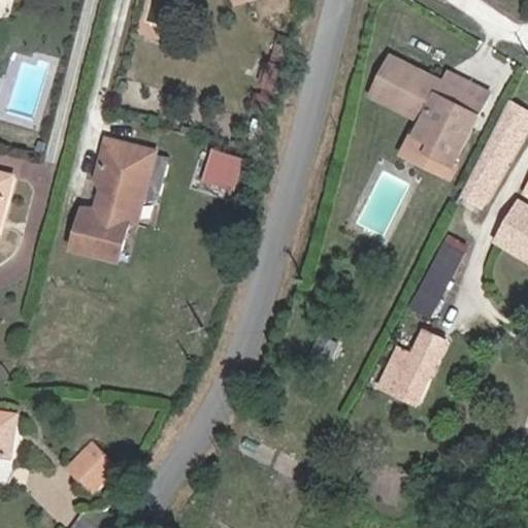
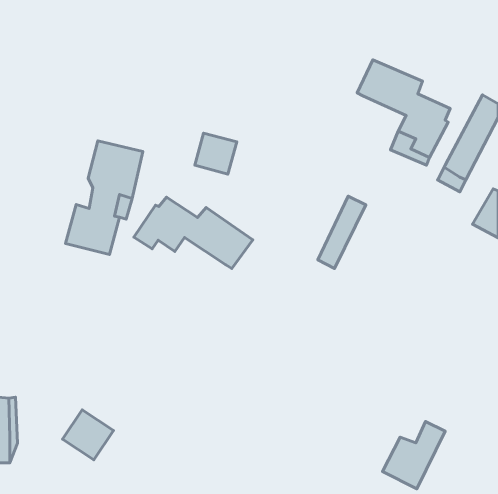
building: [440,75,490,118] -> none
building: none -> [134,197,253,269]
building: [414,233,464,309] -> [318,196,366,269]
building: [375,328,441,399] -> [382,421,445,489]

